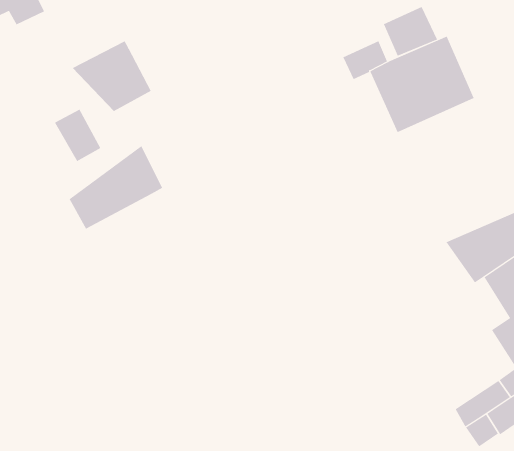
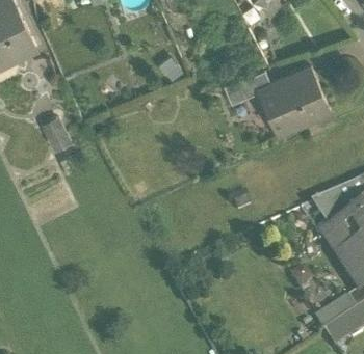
building: [383,6,438,57] -> none
building: [72,40,151,112] -> none
building: [69,145,163,229] -> none

